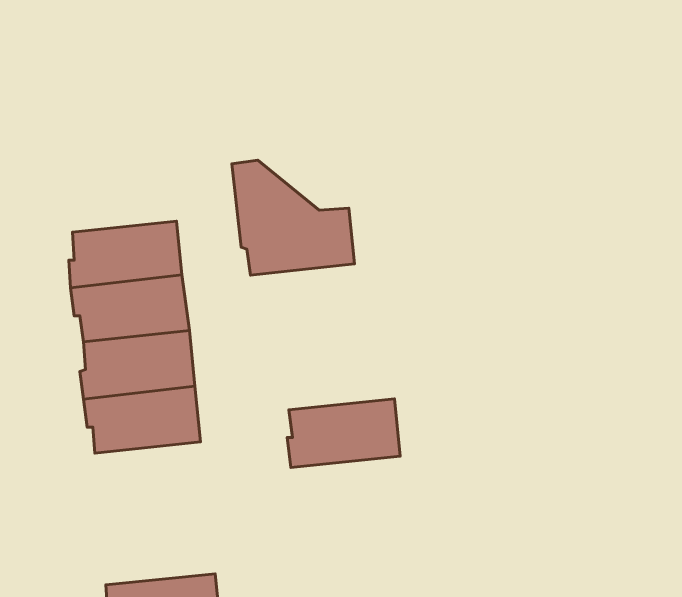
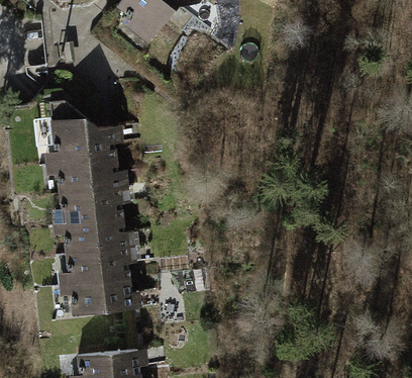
building: [232,160,354,275] -> [49,101,116,164]
building: [287,399,400,467] -> [71,278,132,315]

